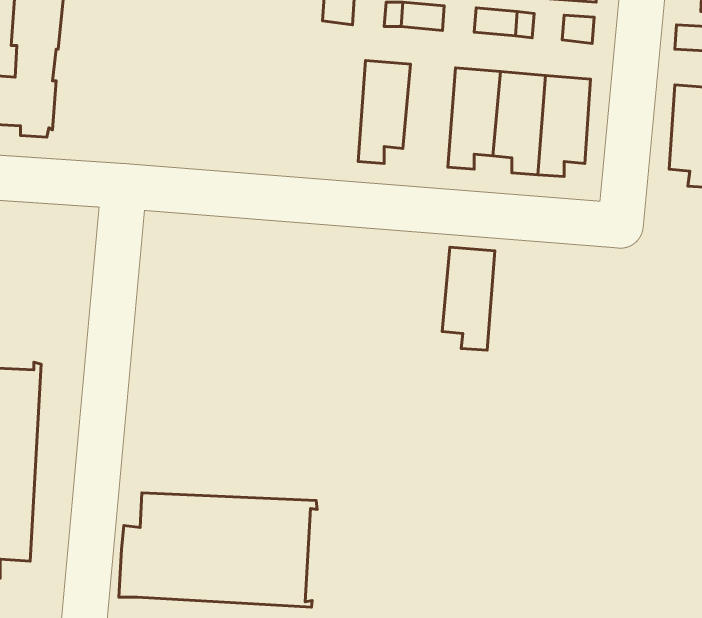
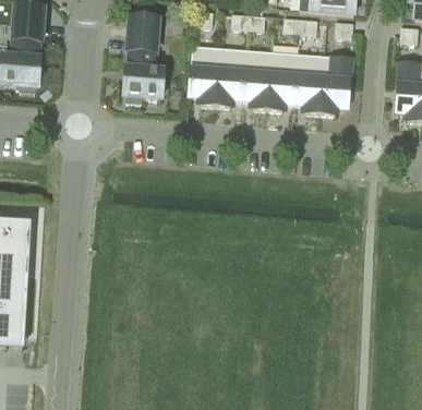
building: none -> [123,16,162,102]
building: none -> [189,45,219,106]
building: [442,247,495,350] -> [241,49,272,109]
building: [119,493,317,607] -> none

